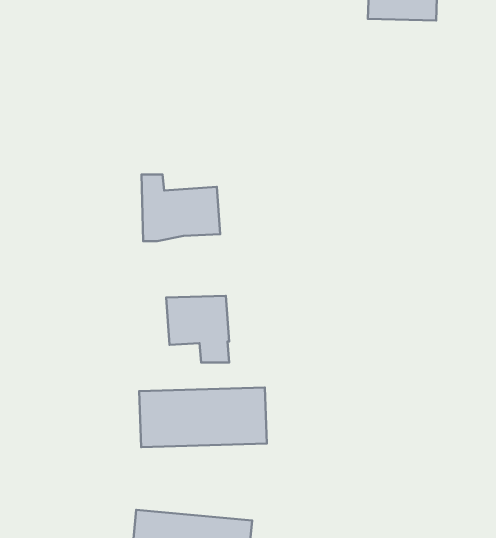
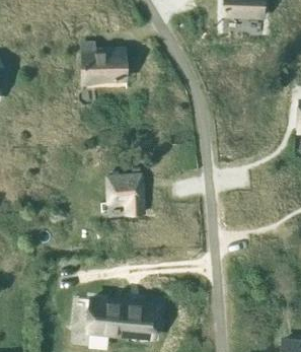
building: [141,175,220,241] -> [82,43,128,81]
building: [139,388,267,447] -> none

